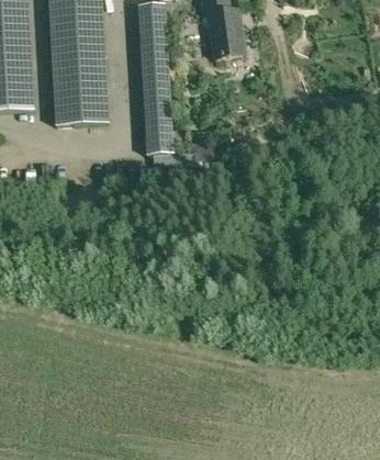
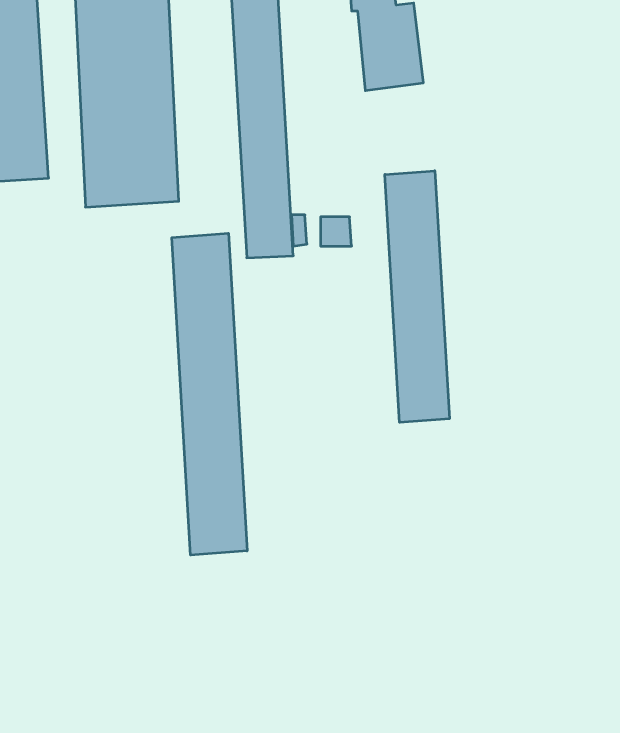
building: none -> [385,171,449,422]
building: none -> [172,233,247,555]

